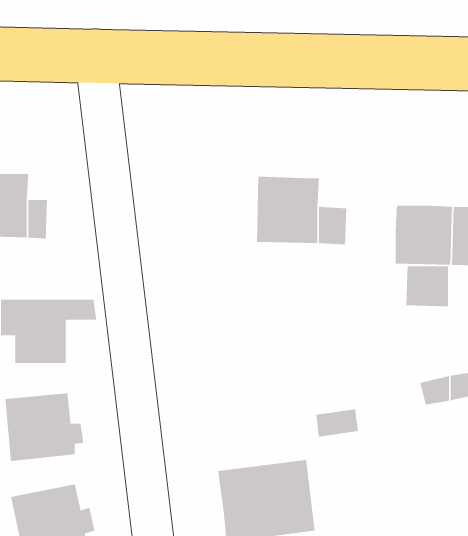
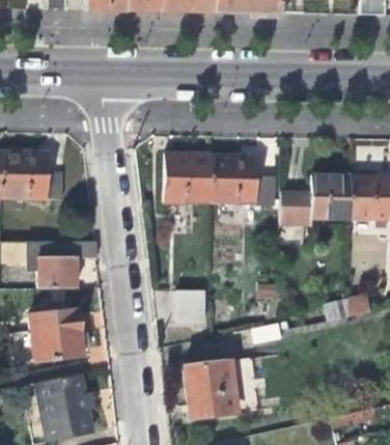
building: none -> [165,152,212,201]
building: [406,265,449,307] -> [279,193,310,223]
building: none -> [178,289,206,323]

